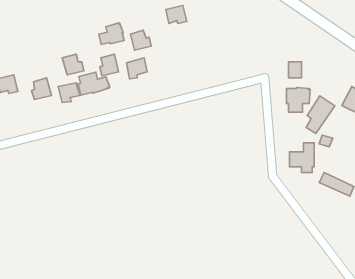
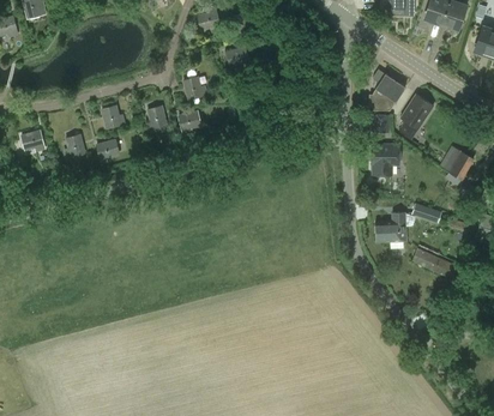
building: [99,23,124,44] -> none
building: none -> [368,70,405,110]
building: [78,72,110,95] -> none
building: [306,96,335,133] -> [399,94,434,139]

